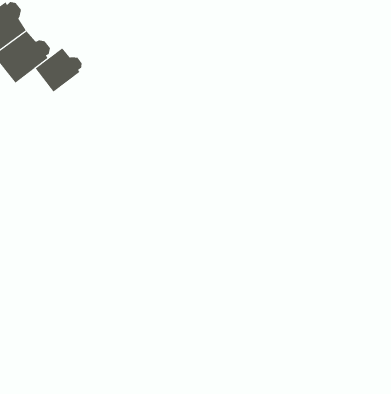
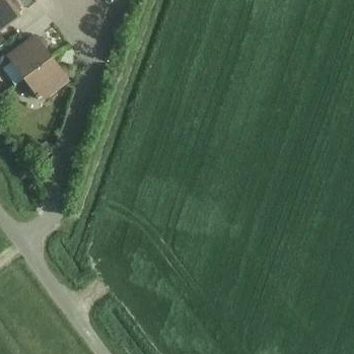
building: [35,48,82,93] -> none

